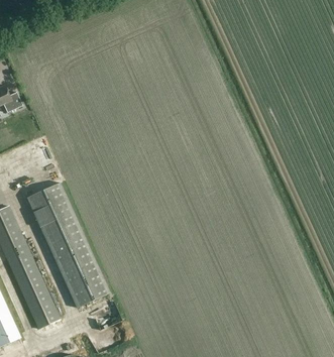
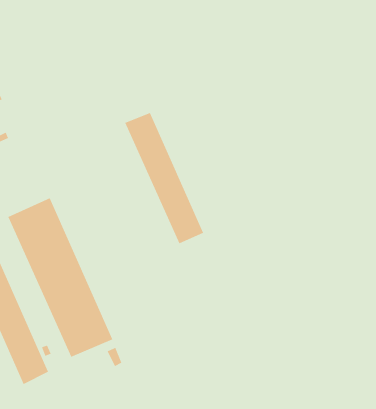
building: none -> [124,112,204,244]

